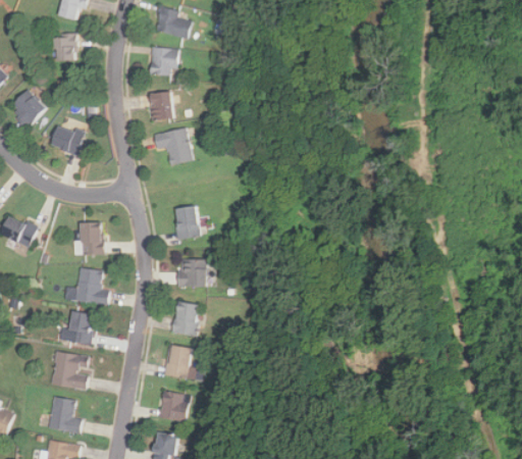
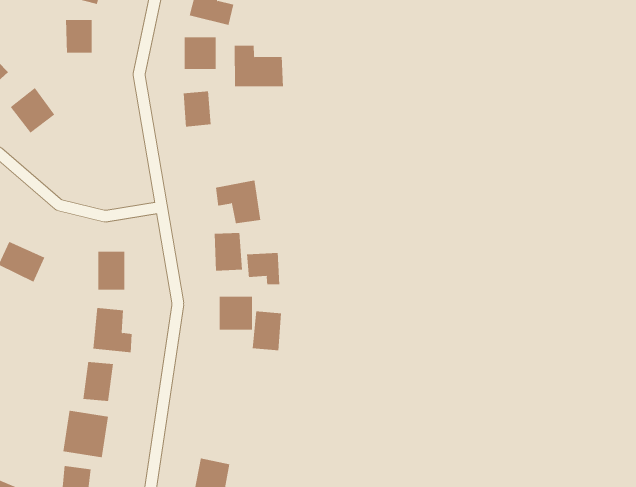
building: none -> [234,45,283,87]
building: [50,124,84,155] -> none
building: [154,129,192,164] -> [215,180,261,224]
building: none -> [247,252,280,285]
building: [173,303,198,336] -> [252,311,282,351]
building: [165,345,193,379] -> none

